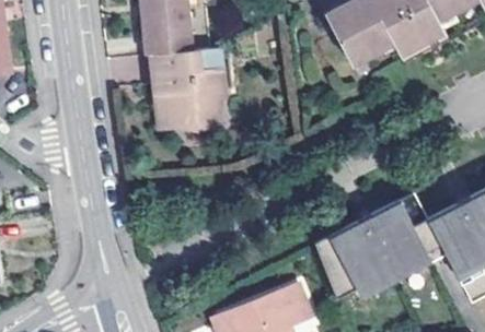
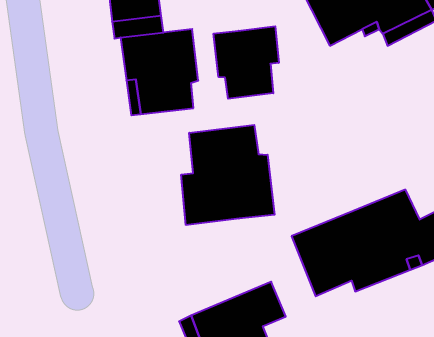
building: none -> [214,26,279,99]
building: none -> [181,125,275,225]

